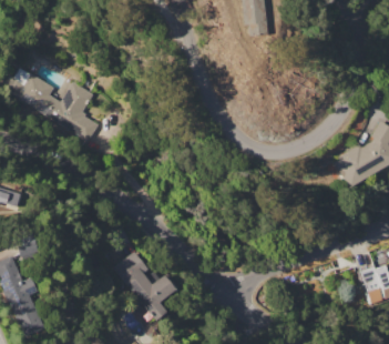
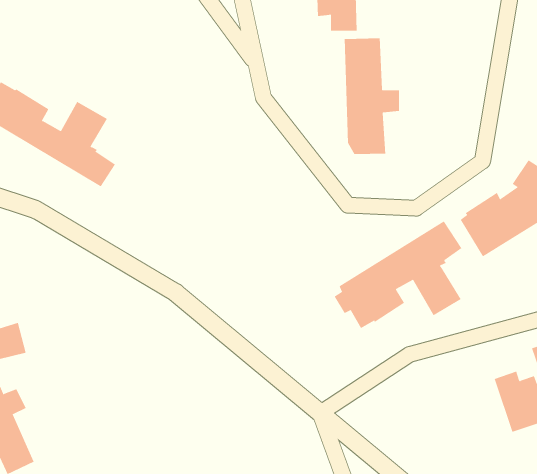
building: none -> [344,38,400,155]
building: none -> [334,221,462,329]
building: [114,251,176,321] -> none

